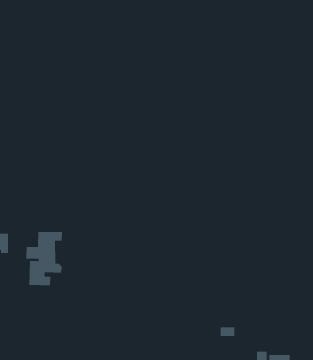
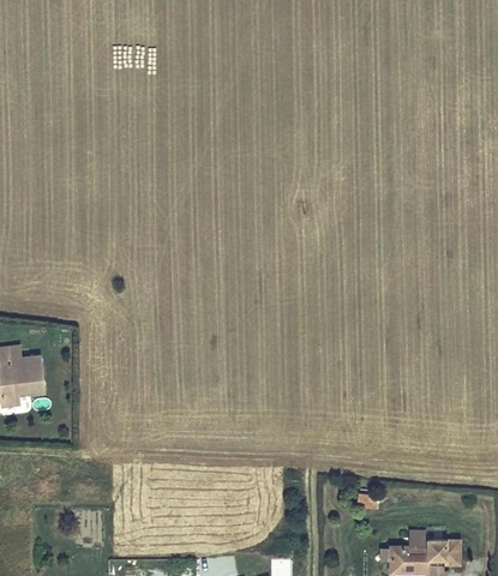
building: [26,231,62,286] -> none

